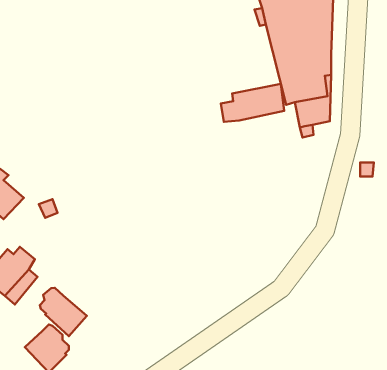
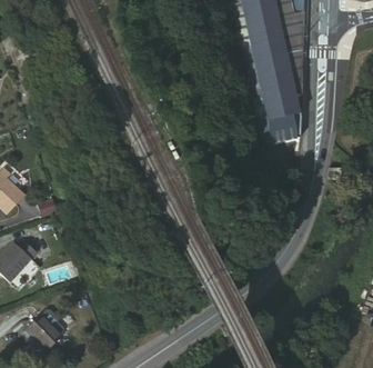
building: [221,84,284,122] -> none
building: [40,288,87,336] -> none

